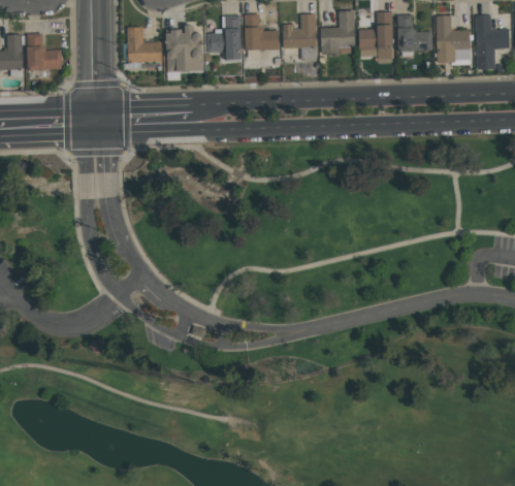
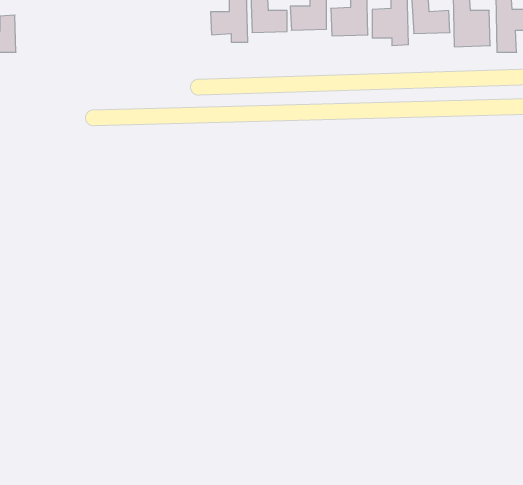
building: [167,25,203,71] -> none
building: [127,27,162,63] -> none
building: [27,33,62,69] -> none

